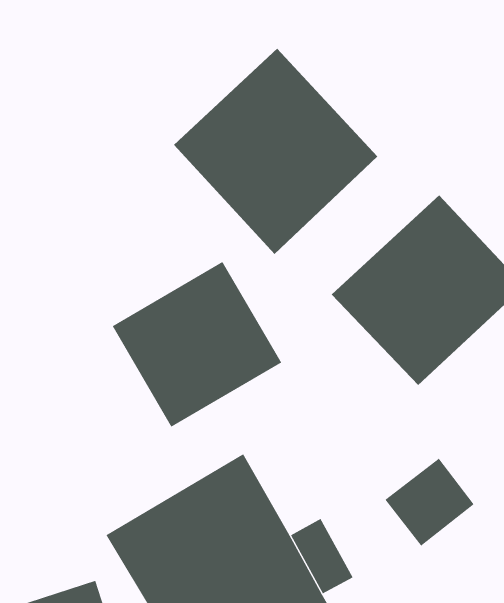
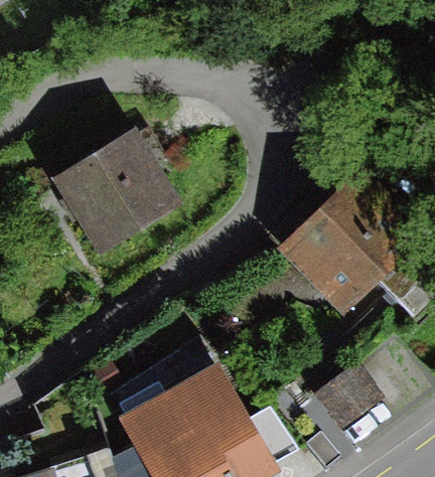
building: [173,48,378,255] -> none
building: [112,261,282,427] -> [54,133,176,252]

